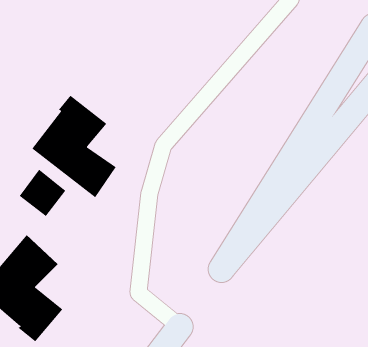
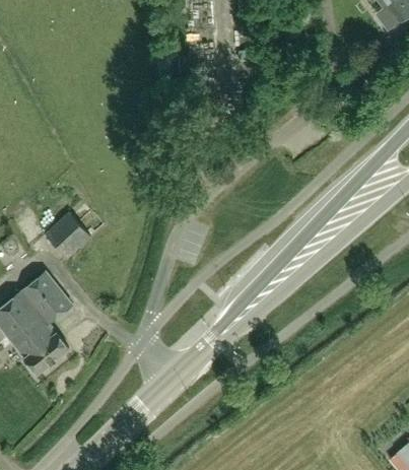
building: [31,95,117,198] -> none

